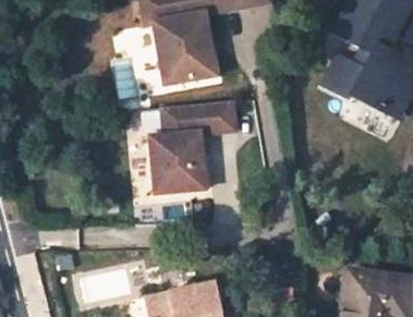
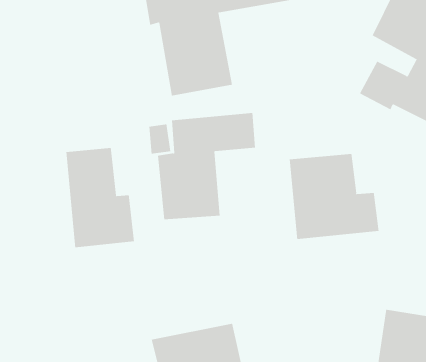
building: none -> [66,147,134,248]
building: none -> [289,153,379,240]

